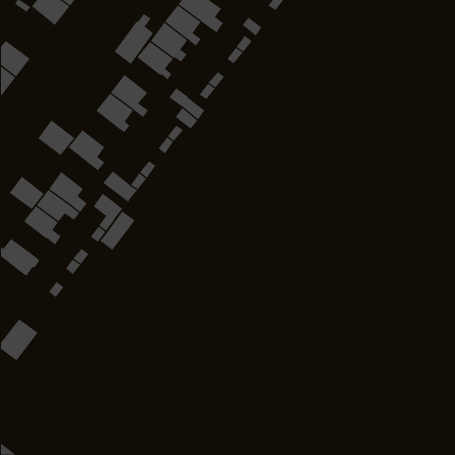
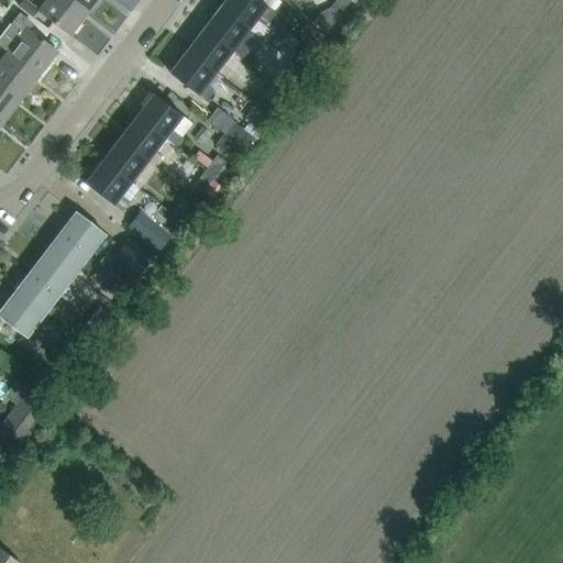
building: [114,13,154,65] -> none
building: none -> [8,26,56,73]
building: [38,119,75,156] -> [102,136,148,181]
building: [9,176,45,210] -> [14,273,58,314]
building: [99,211,135,251] -> none

